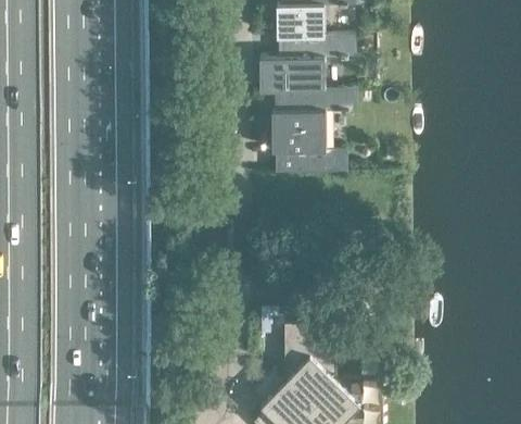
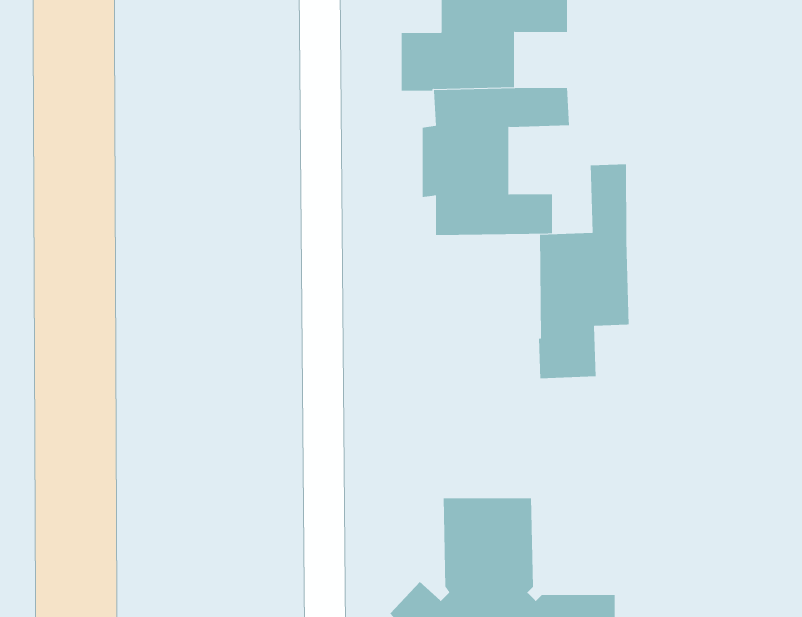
building: none -> [539,163,629,379]

